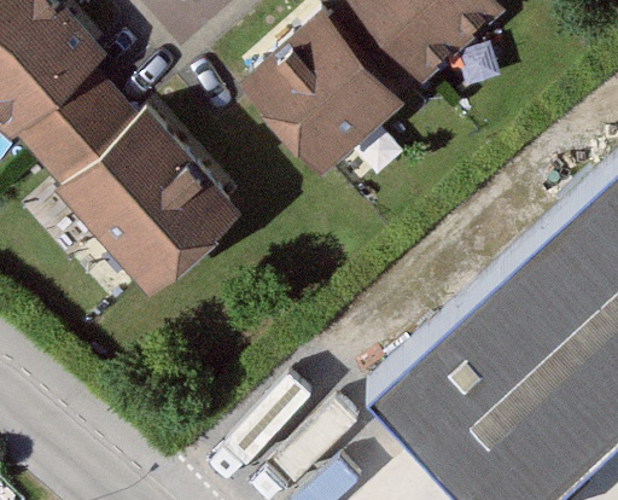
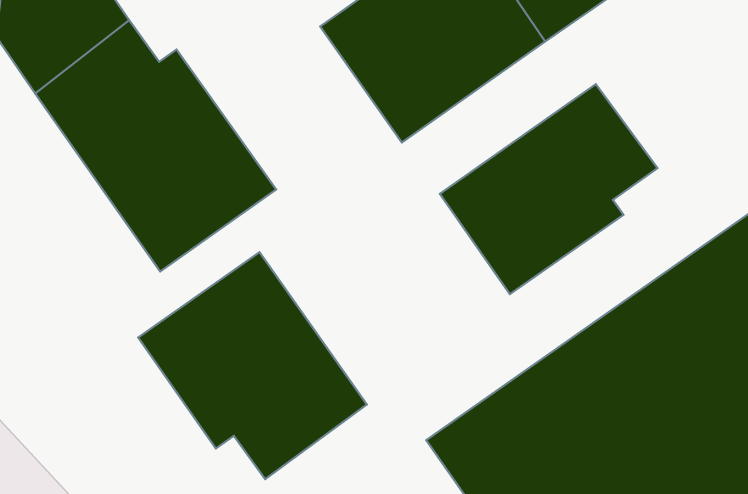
building: none -> [440,84,658,294]
building: none -> [138,252,367,479]

